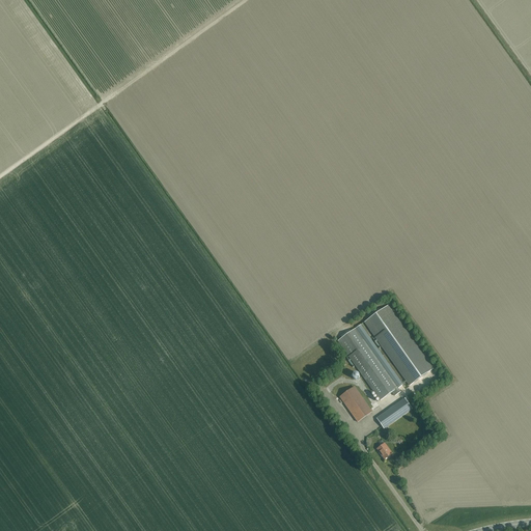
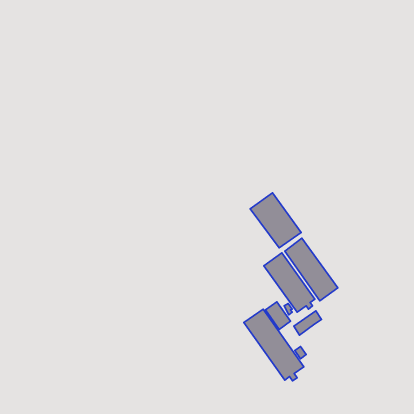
building: none -> [250,193,301,248]
building: none -> [244,309,304,381]

